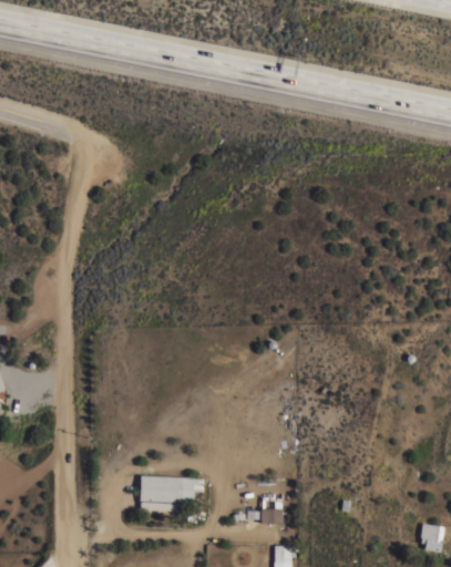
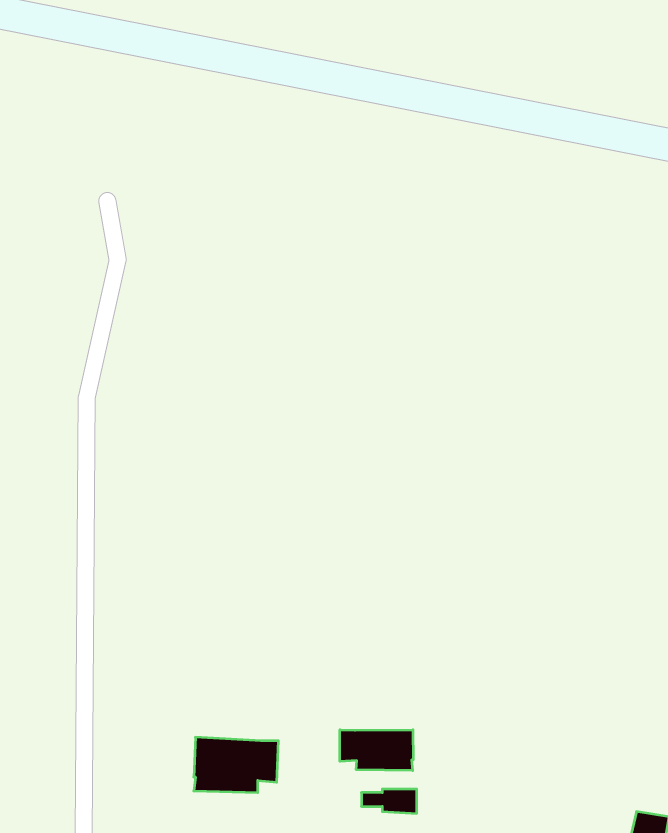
building: none -> [340,730,413,771]

